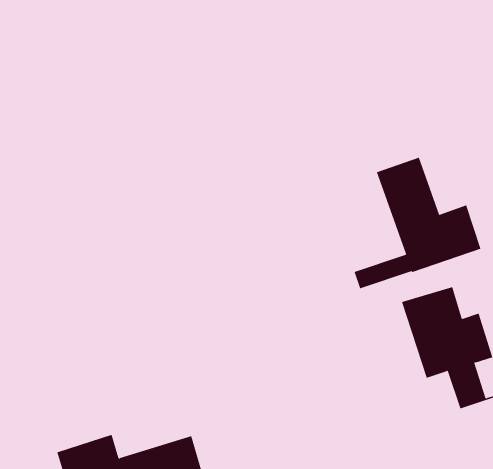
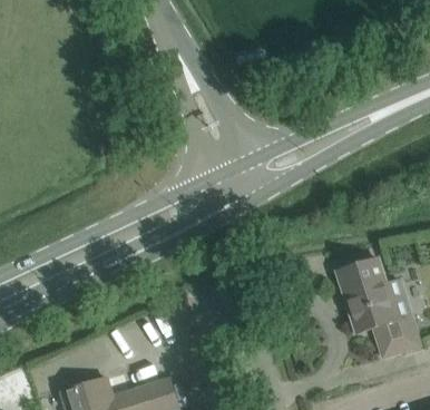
building: [354,157,481,289] -> none

